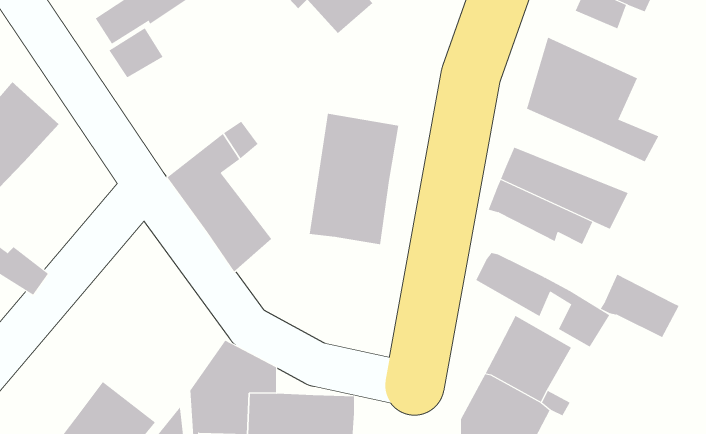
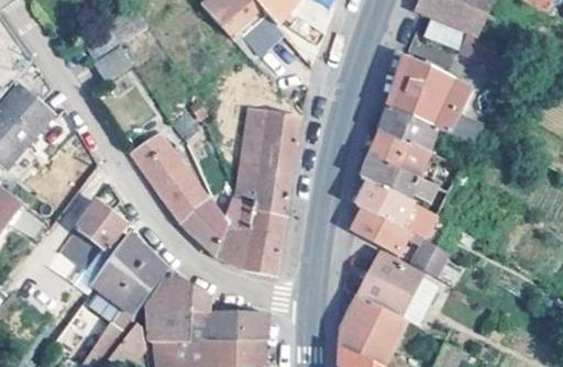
building: none -> [380,104,439,152]
building: none -> [179,197,285,275]
building: none -> [62,200,126,273]
building: [600,274,679,338] -> [357,179,415,225]
building: none -> [96,236,167,313]

